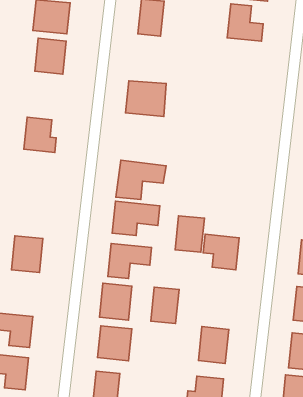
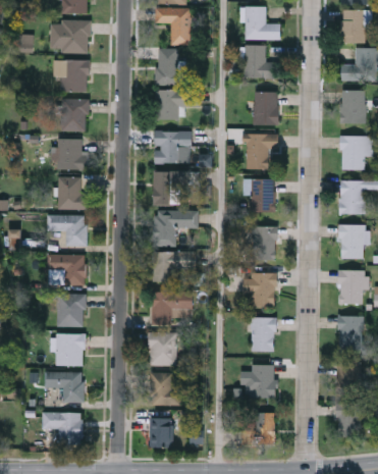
building: none -> [155,90,199,119]
building: none -> [253,92,278,125]
building: none -> [57,139,88,169]
building: none -> [245,134,278,169]
building: none -> [153,171,183,205]
building: none -> [250,179,274,212]
building: none -> [46,215,87,246]
building: none -> [48,255,86,285]
building: [175,216,204,252] -> [250,226,275,260]
building: none -> [56,334,85,366]
building: [151,287,179,324] -> [251,318,275,352]

